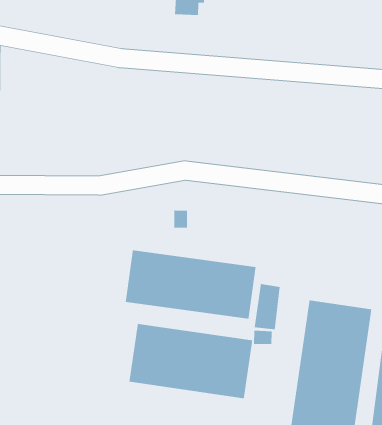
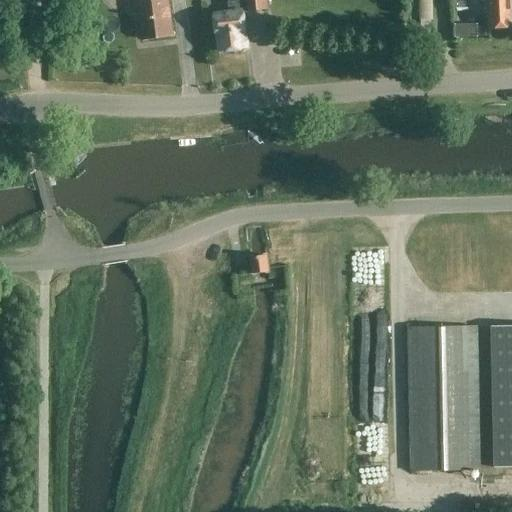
building: [125,249,256,320] -> none
building: [129,323,253,399] -> none

